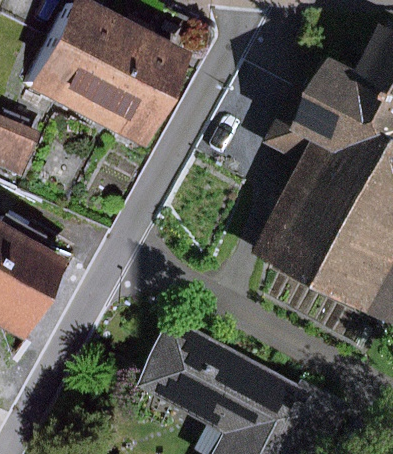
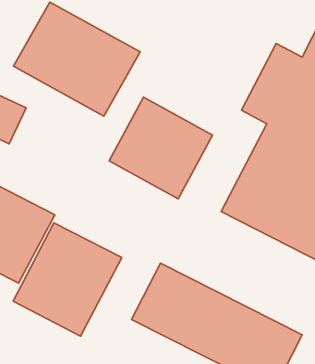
building: none -> [109,97,213,199]
building: none -> [13,223,122,336]

